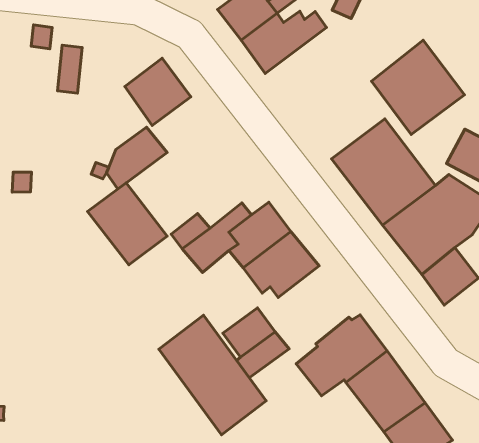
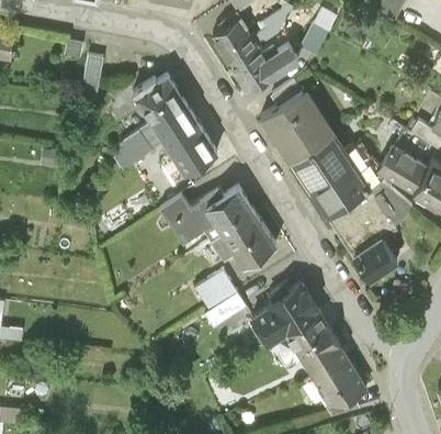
building: [371,40,464,135] -> [263,90,335,163]
building: [88,183,167,265] -> [154,105,214,169]
building: [159,315,266,435] -> none

